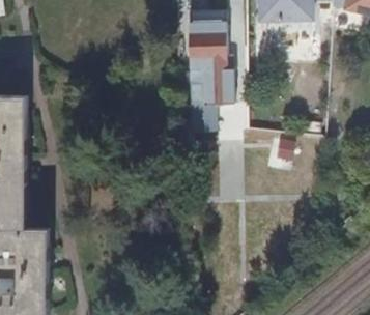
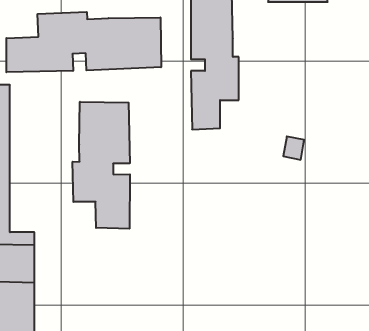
building: none -> [6,12,161,72]
building: none -> [73,102,130,229]

